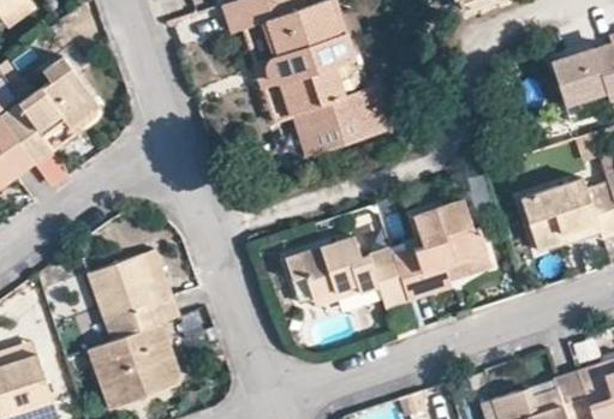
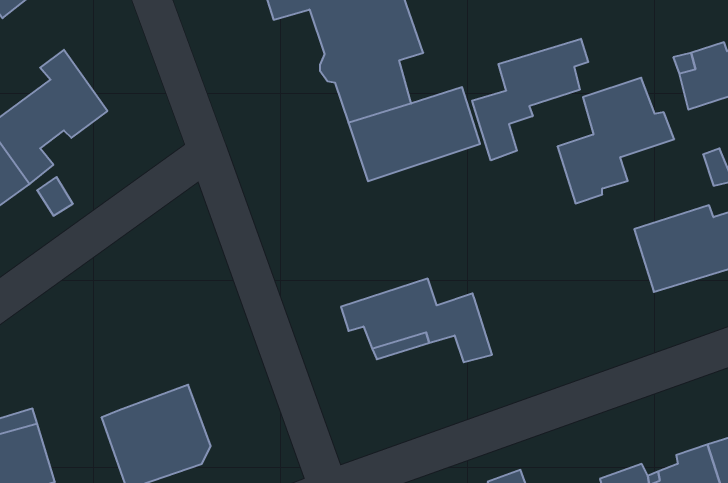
building: none -> [472,39,588,160]
building: [391,198,484,299] -> [557,78,674,203]
building: [83,257,178,343] -> none

